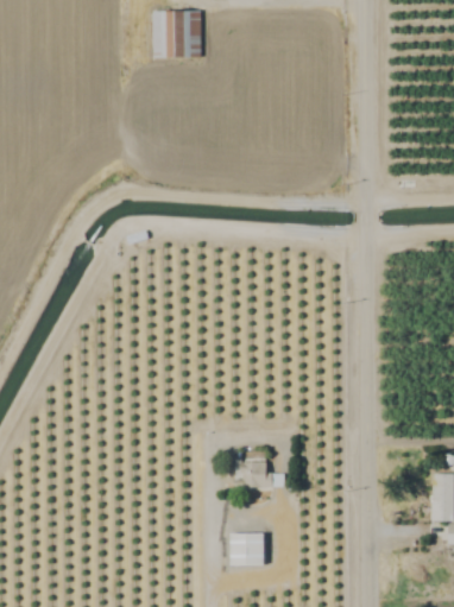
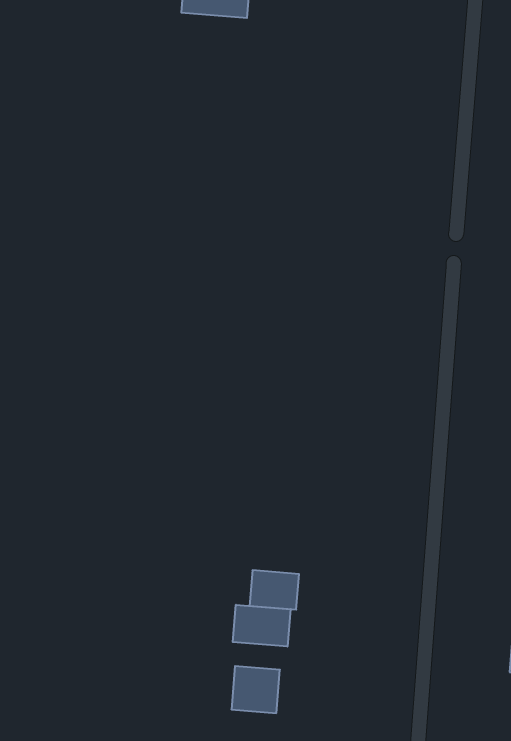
building: none -> [233,605,290,647]

